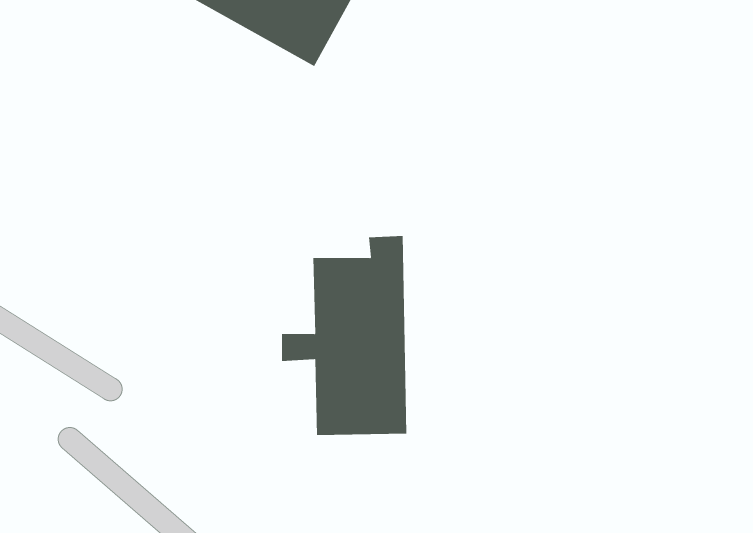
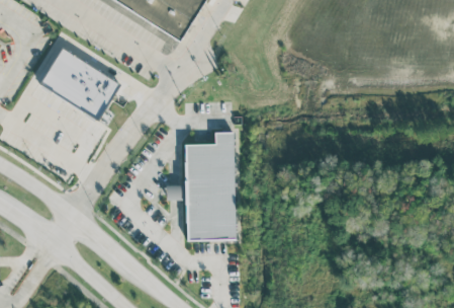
building: none -> [39,50,120,119]

